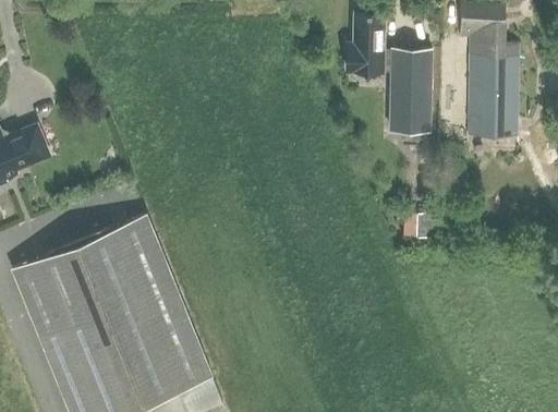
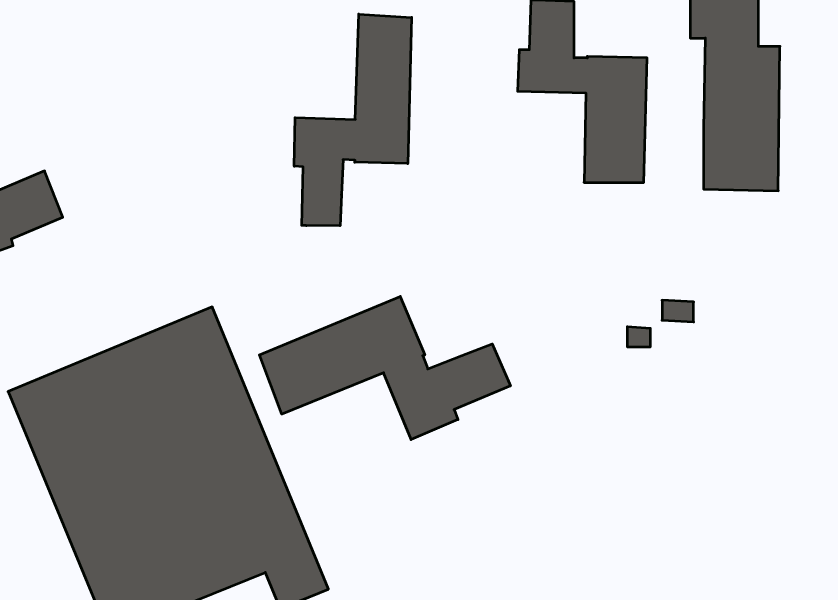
building: none -> [294,14,412,226]
building: none -> [259,296,510,440]

